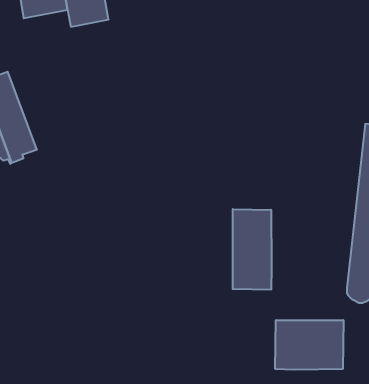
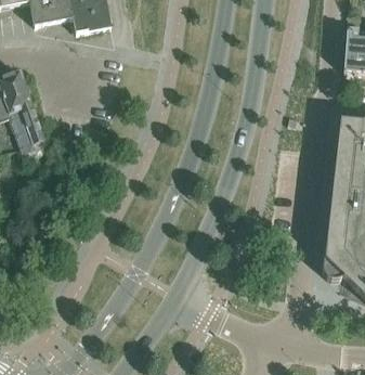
building: [233,209,272,290] -> none
building: [275,320,343,370] -> none

